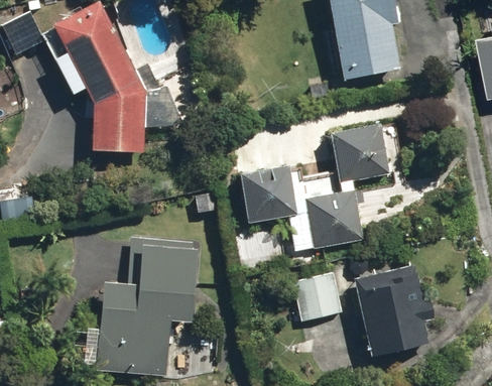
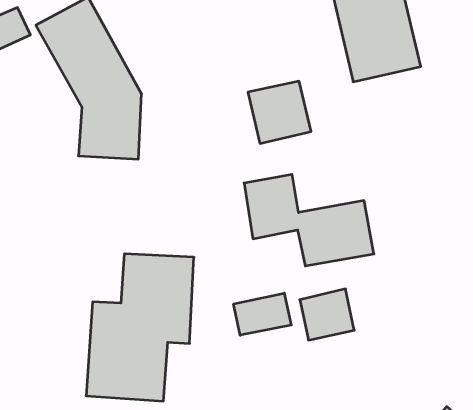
building: [331,126,389,183] -> [248,81,311,143]
building: [353,265,435,356] -> none
building: none -> [234,293,291,335]

